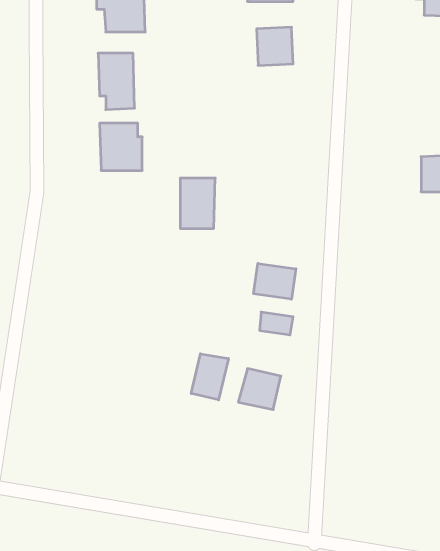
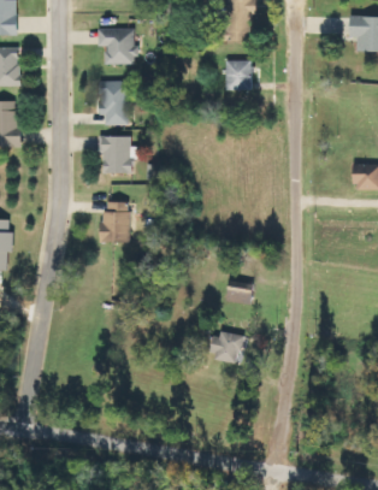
building: [180,178,215,228] -> [101,202,129,242]
building: [254,263,296,299] -> none
building: [191,354,228,400] -> none

